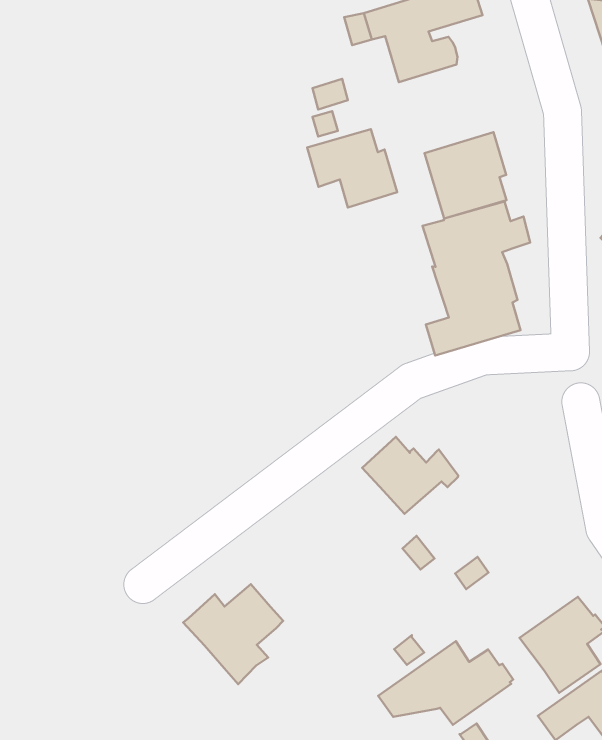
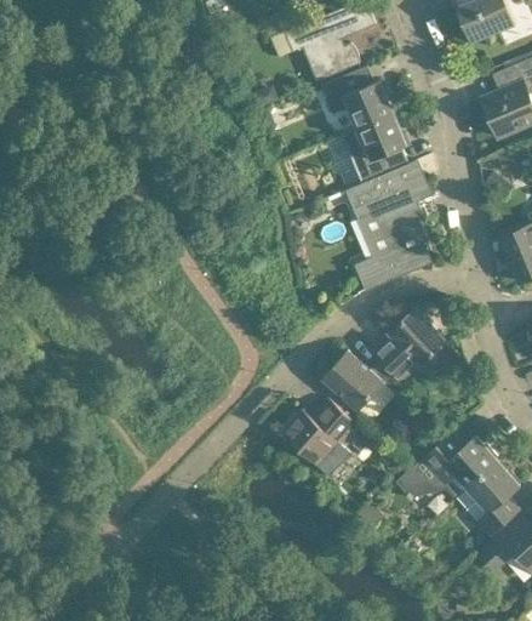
building: [307,129,397,207] -> [321,67,394,129]
building: none -> [372,309,447,383]
building: [183,584,283,684] -> [282,399,359,477]
building: [378,641,513,725] -> [397,433,499,497]

